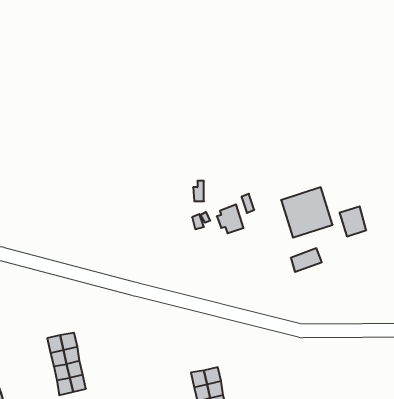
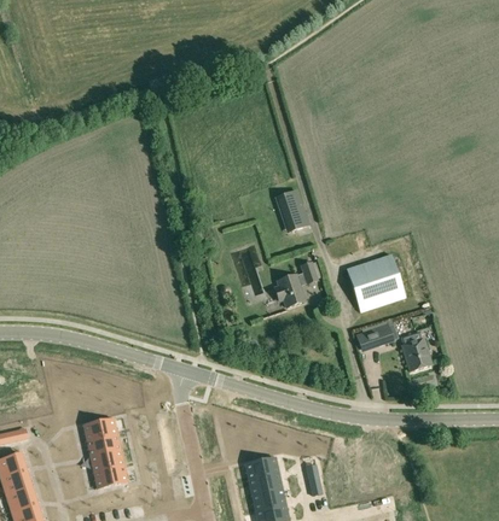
building: none -> [279,189,309,232]
building: [339,206,366,236] -> [401,338,431,371]

